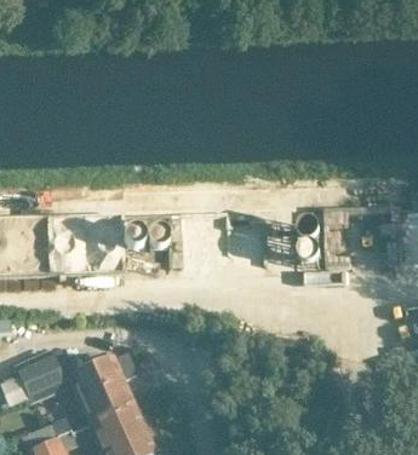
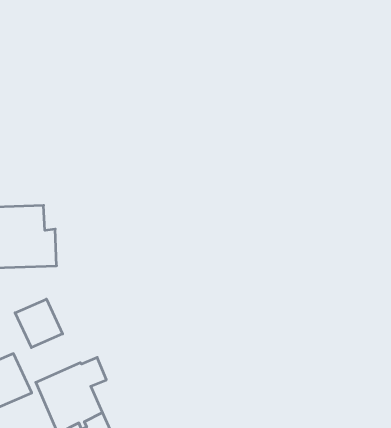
building: none -> [15,299,63,348]

